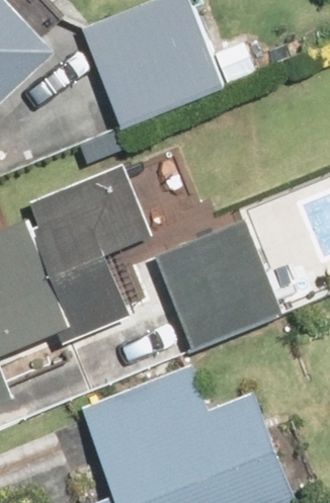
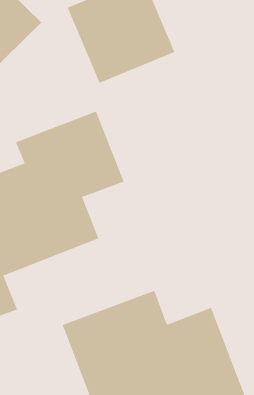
building: [154,220,282,348] -> none

